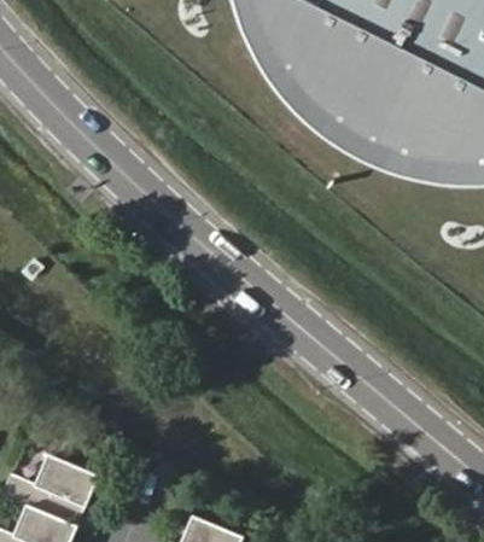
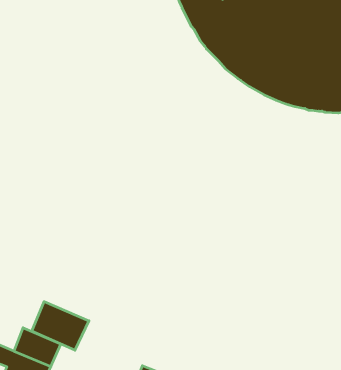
building: none -> [32,302,89,350]

